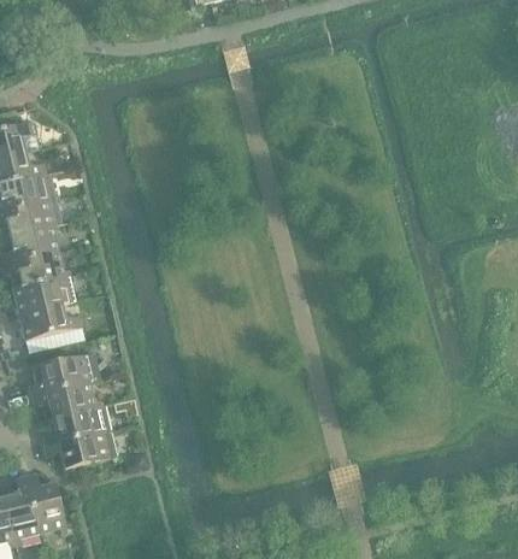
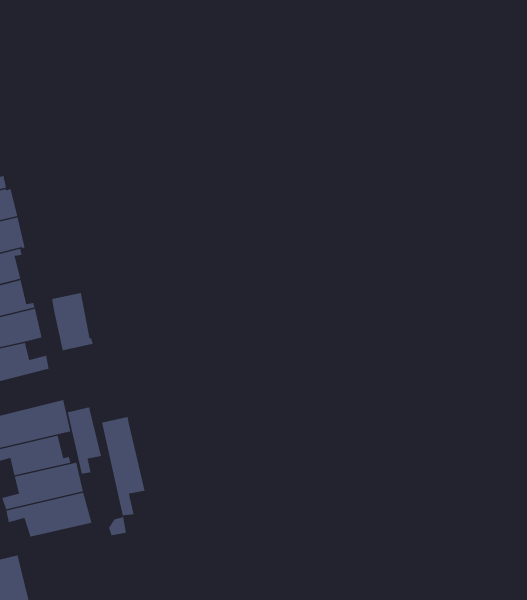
building: none -> [51,292,94,351]
building: none -> [67,407,102,474]
building: none -> [101,416,145,516]

